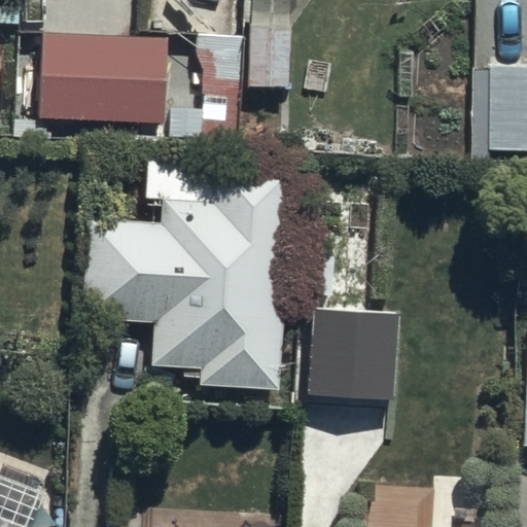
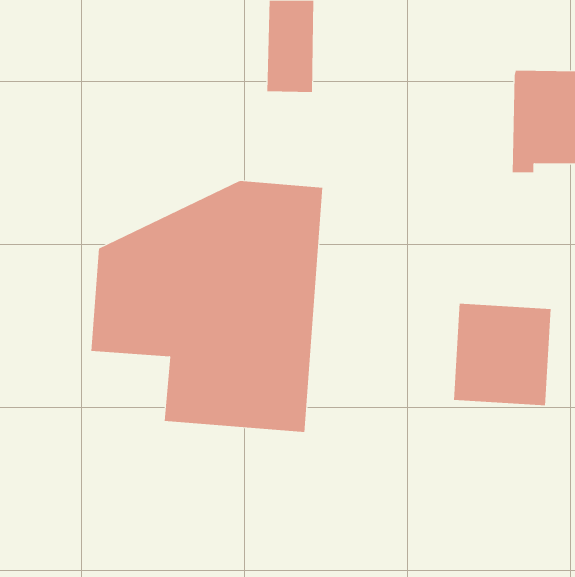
building: [36,32,238,143] -> none
building: [310,307,399,400] -> [453,303,552,406]

